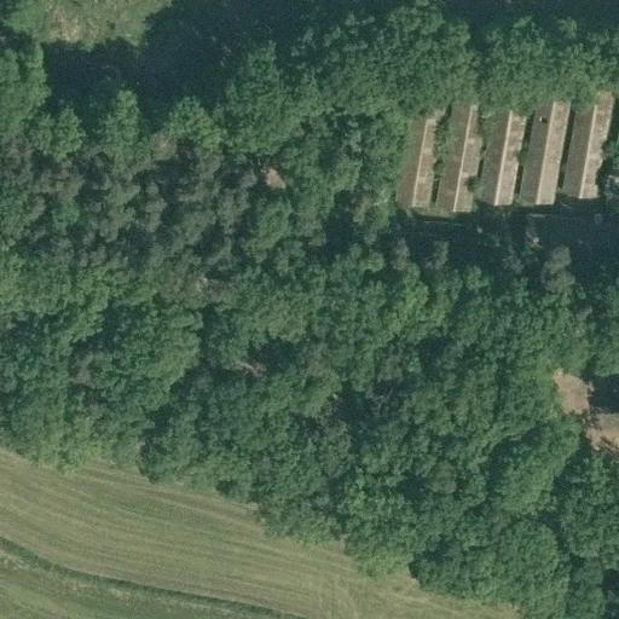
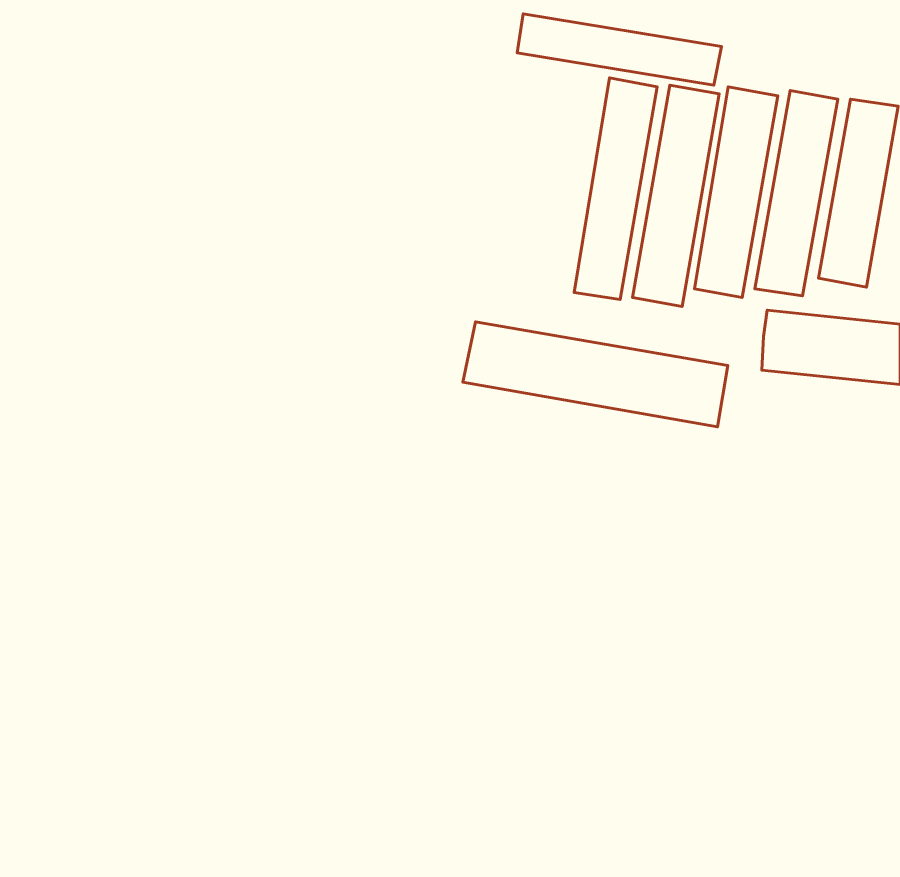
building: none -> [517,14,722,85]
building: none -> [463,322,728,427]

